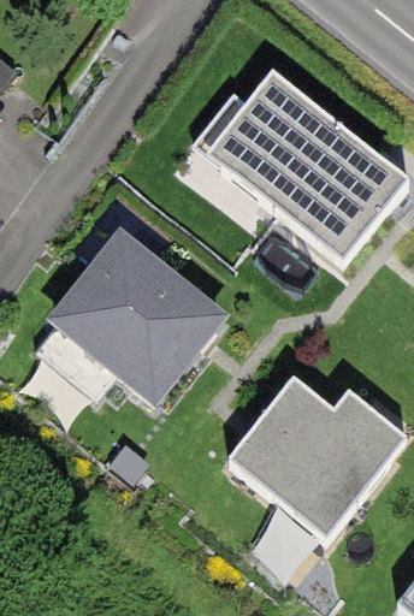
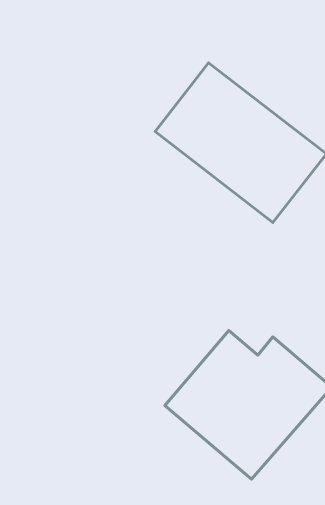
building: [46,238,231,413] -> none

